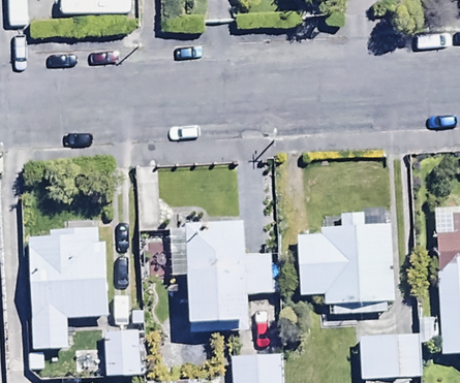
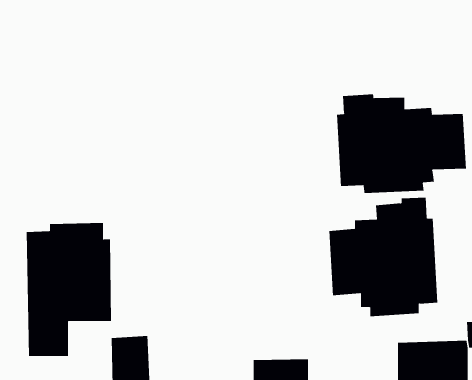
building: none -> [337,94,466,194]
building: [187,218,277,331] -> none

